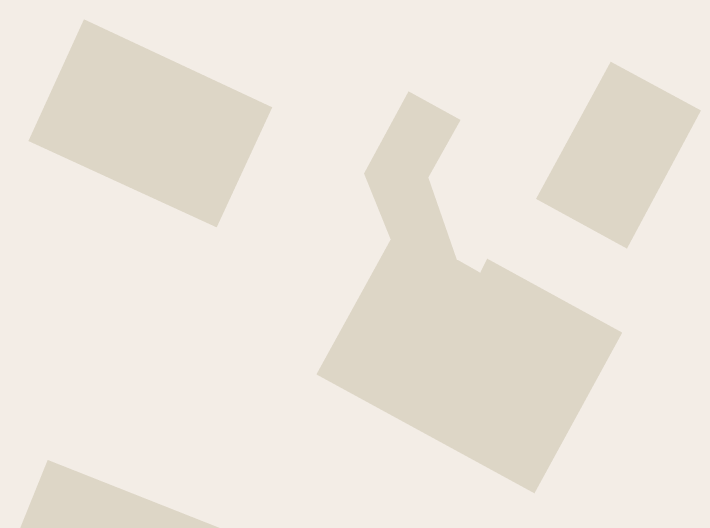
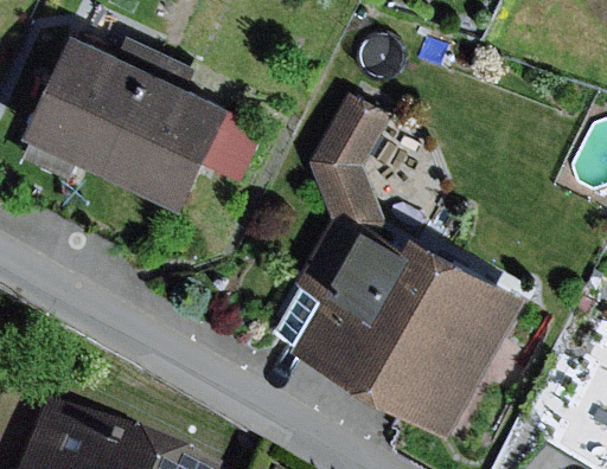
building: [535,61,702,250] -> none

